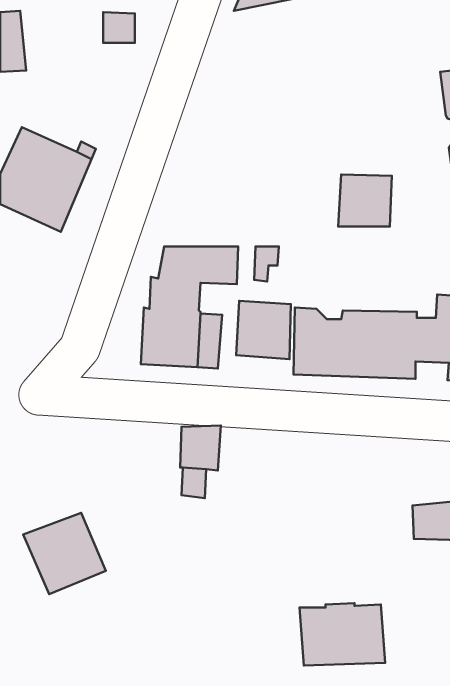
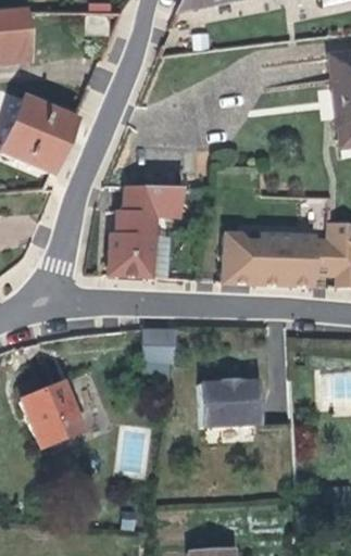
building: [338,174,392,226] -> none
building: [236,301,291,359] -> none
building: [299,603,385,666] -> [196,393,260,440]

